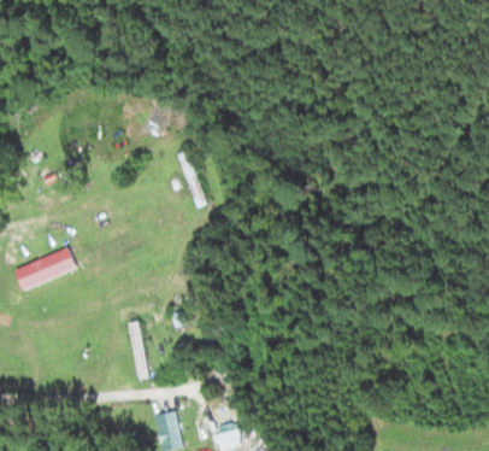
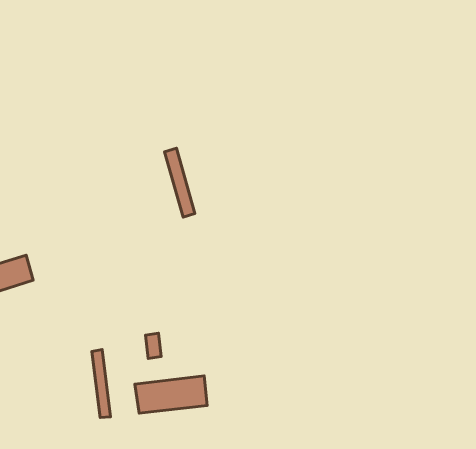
building: none -> [135,376,207,413]

